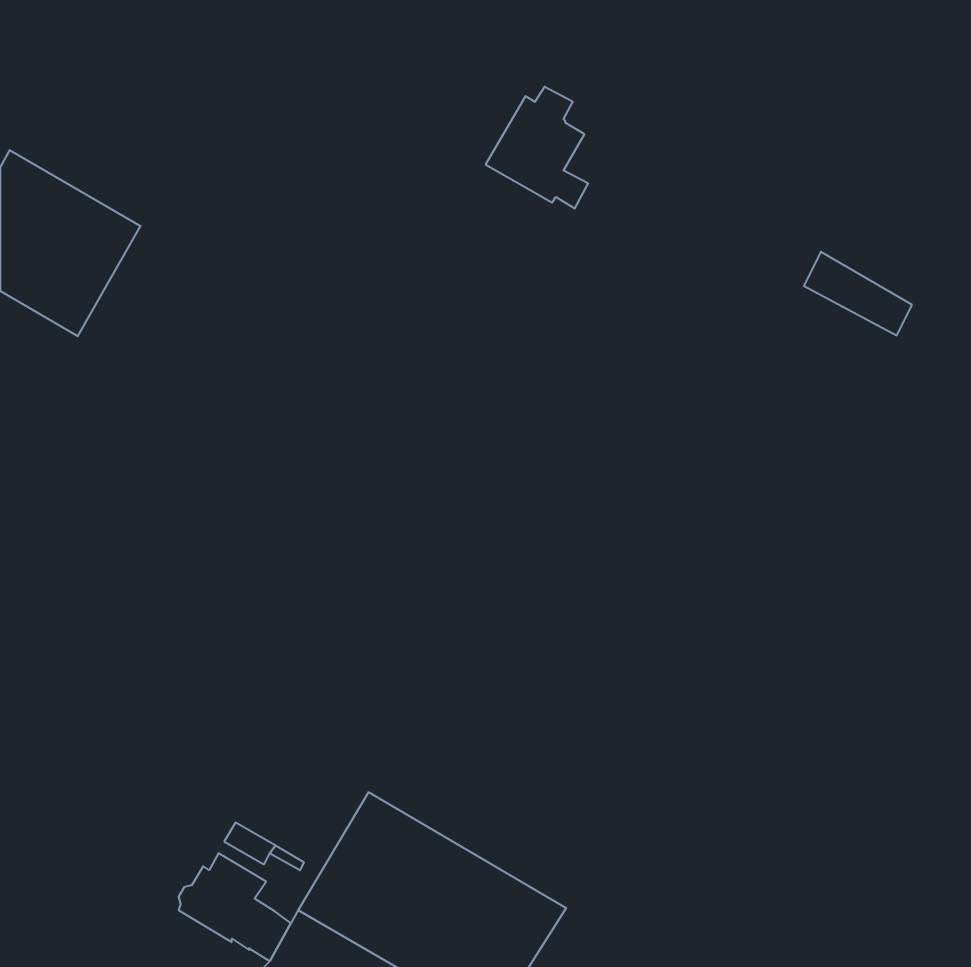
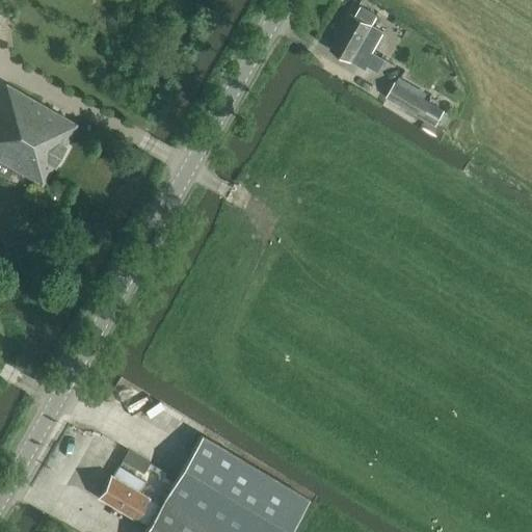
building: [486,87,588,208] -> [329,8,385,75]
building: [804,252,912,335] -> [385,82,445,128]

